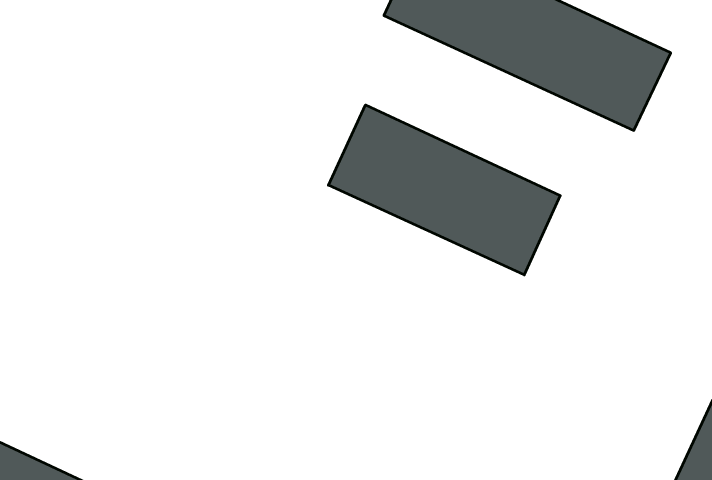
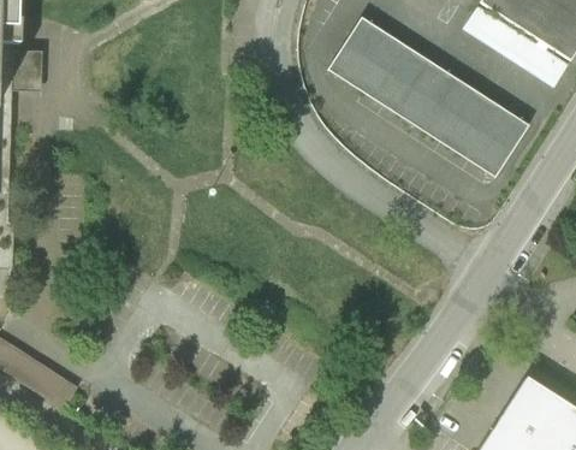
building: [328,105,560,275] -> none

